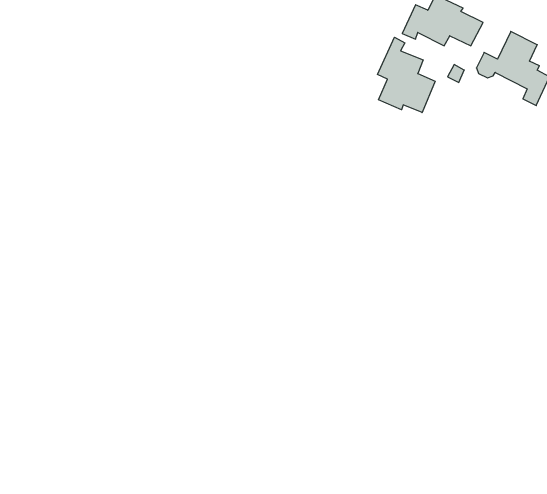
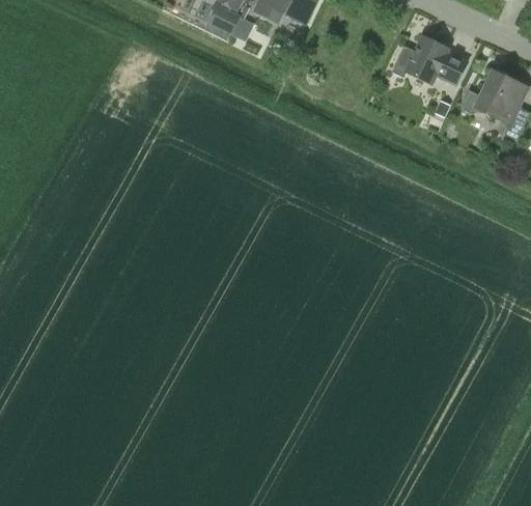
building: [377,37,435,113] -> none

